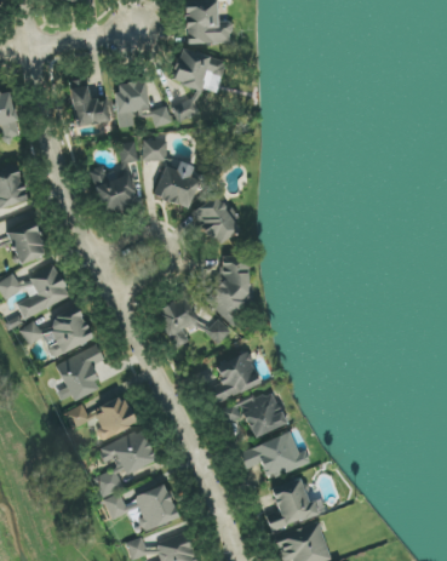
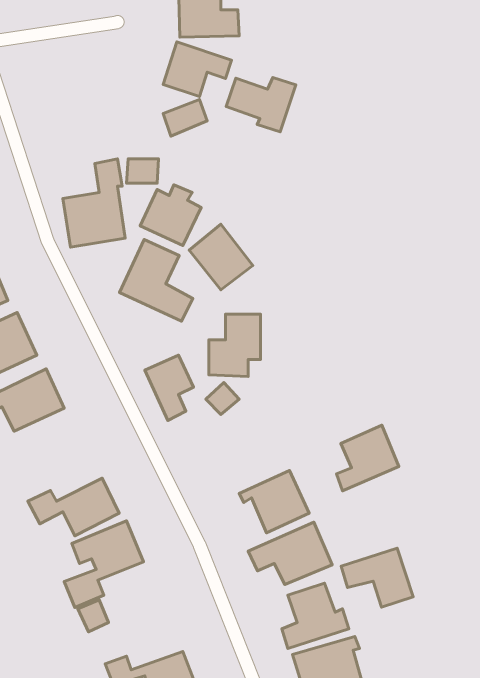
building: none -> [226,77,296,132]
building: [113,80,170,128] -> none
building: [69,86,109,126] -> none
building: none -> [120,239,193,321]
building: [56,345,102,401] -> none
building: [211,351,260,403] -> [336,425,399,491]
building: none -> [341,548,413,607]
building: [131,483,178,531] -> none

